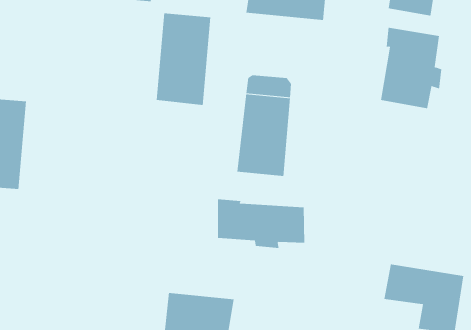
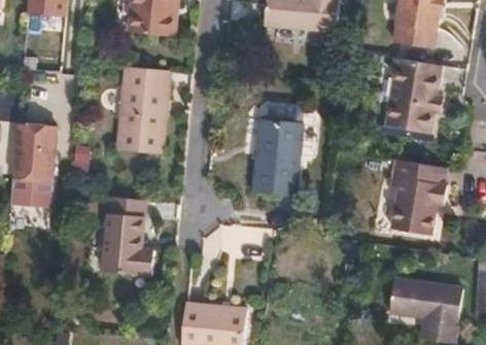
building: [156,13,211,106] -> [117,67,169,153]
building: none -> [389,160,443,235]
building: none -> [102,198,155,278]
building: [217,198,305,249] -> none

